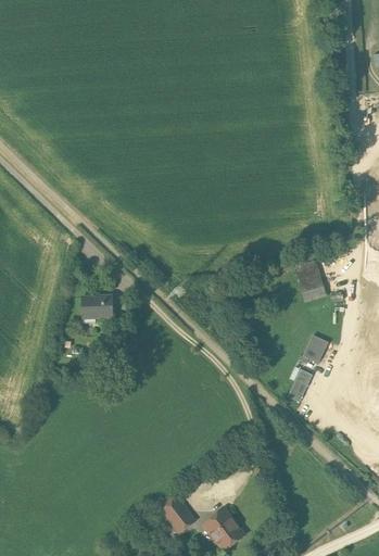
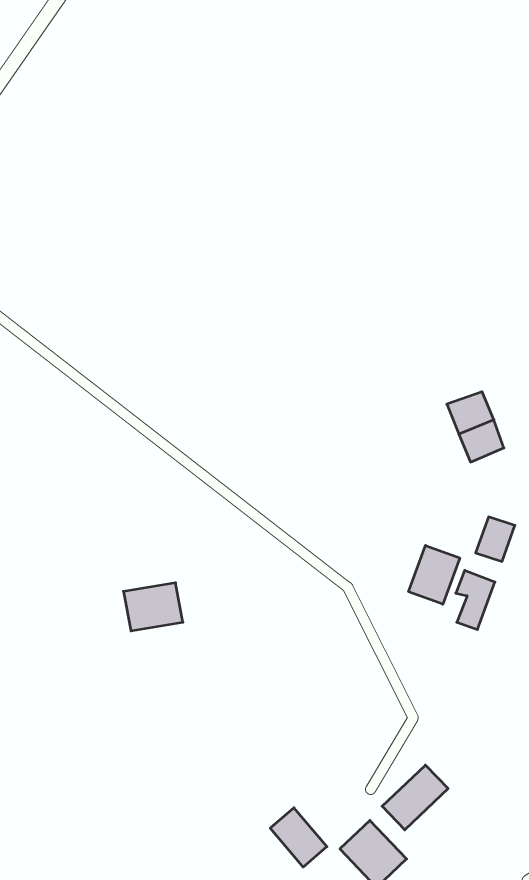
building: [81,293,115,319] -> [123,583,183,631]
building: none -> [409,545,460,604]
building: none -> [382,765,448,830]

